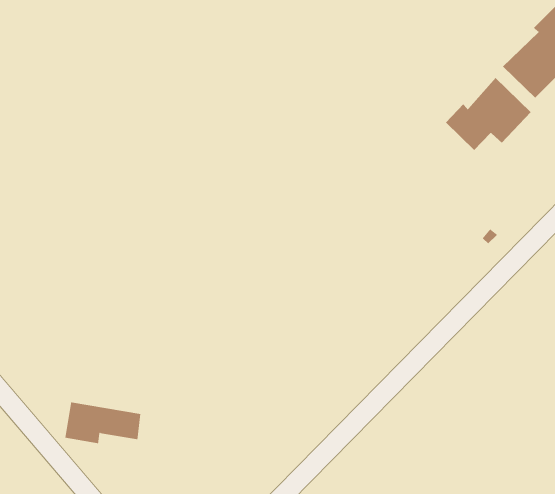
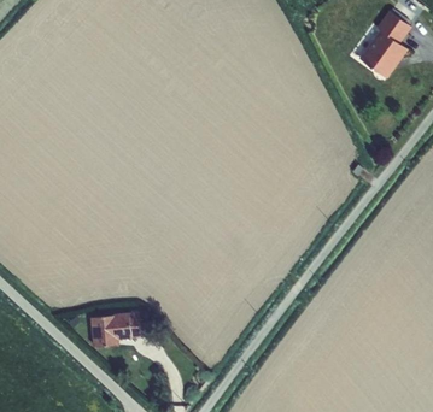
building: [445,77,531,151] -> none

